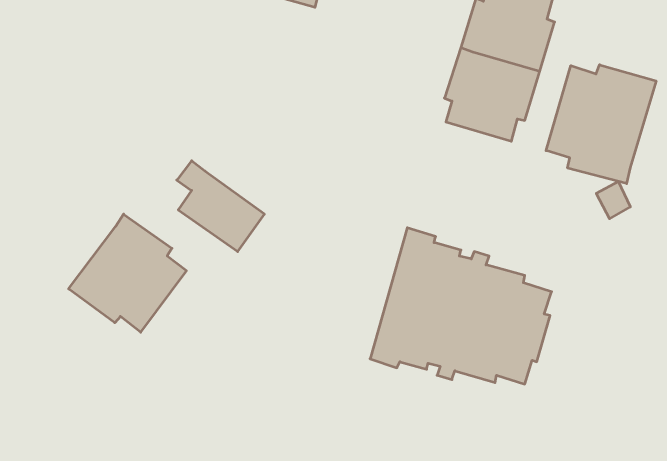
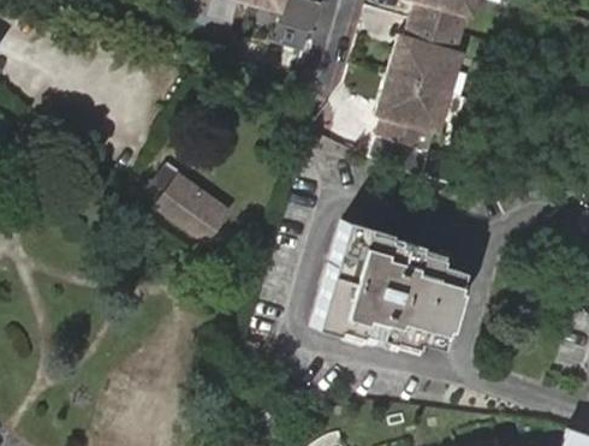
building: [546,65,656,184] -> none
building: [69,214,186,332] -> none

